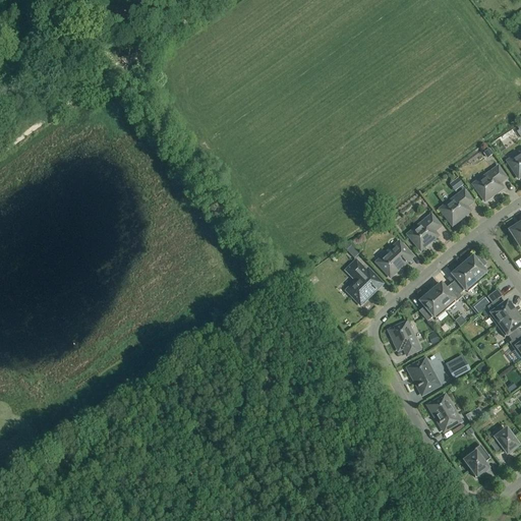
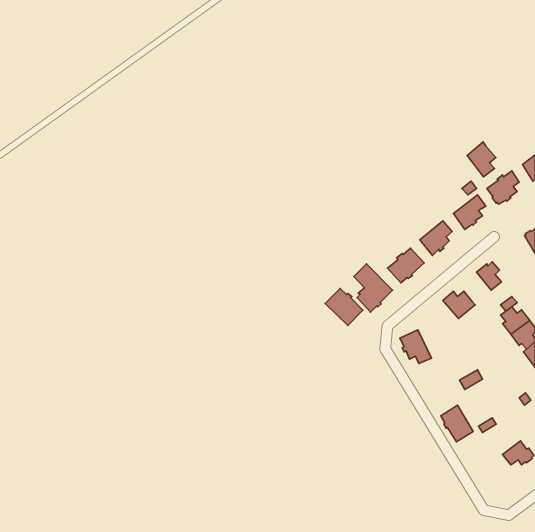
building: none -> [467,142,496,177]
building: [451,265,477,293] -> none
building: none -> [325,289,363,325]
building: [418,292,446,320] -> none
building: [408,358,439,393] -> none
building: [465,444,490,476] -> none

